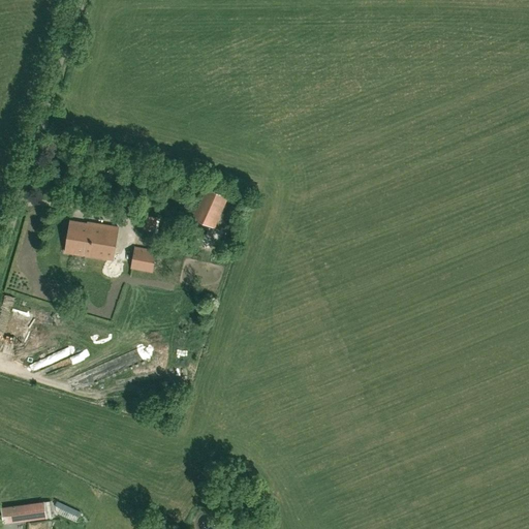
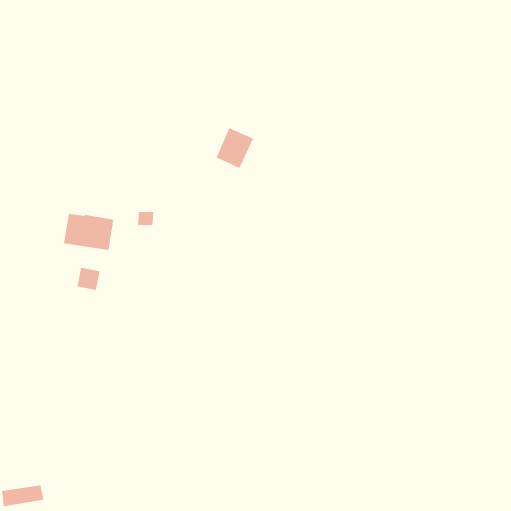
building: [189,187,228,229] -> [216,128,254,169]
building: [130,249,155,273] -> [77,267,101,290]

